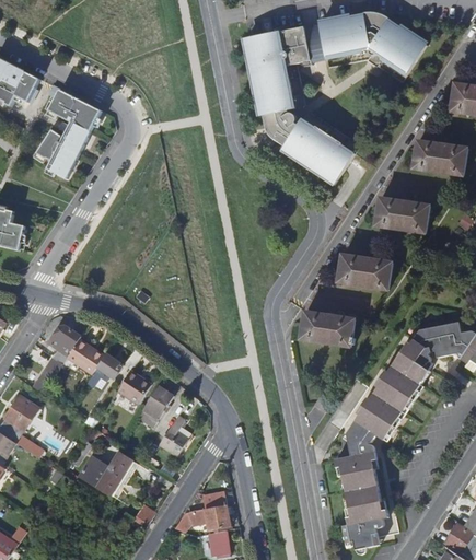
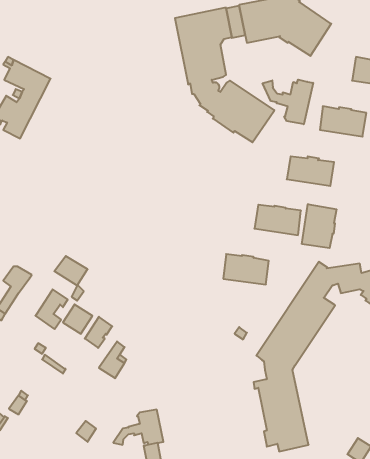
building: none -> [263,80,313,124]
building: none -> [302,204,336,248]
building: [65,339,103,373] -> [54,256,88,285]
building: [80,452,132,494] -> none

